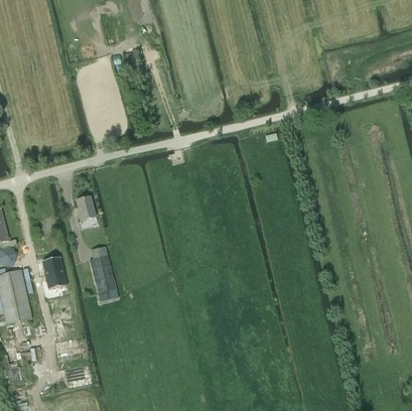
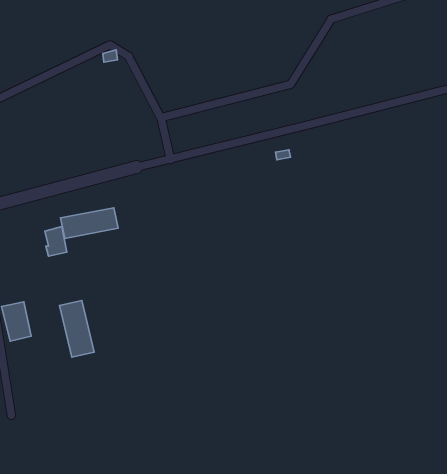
building: none -> [61,208,118,238]

